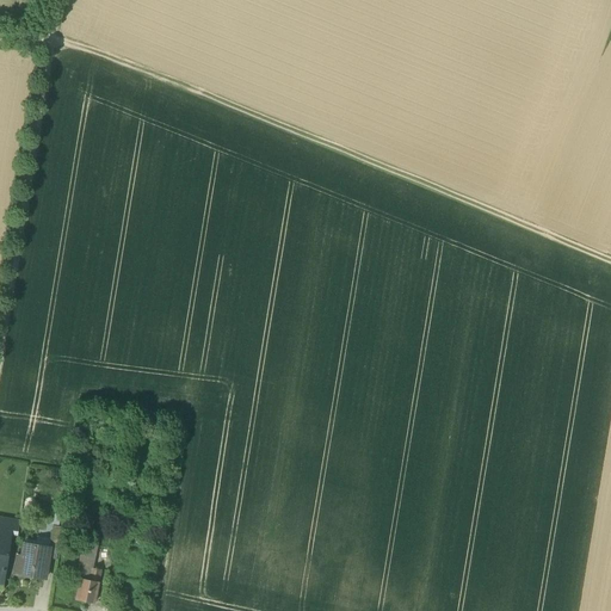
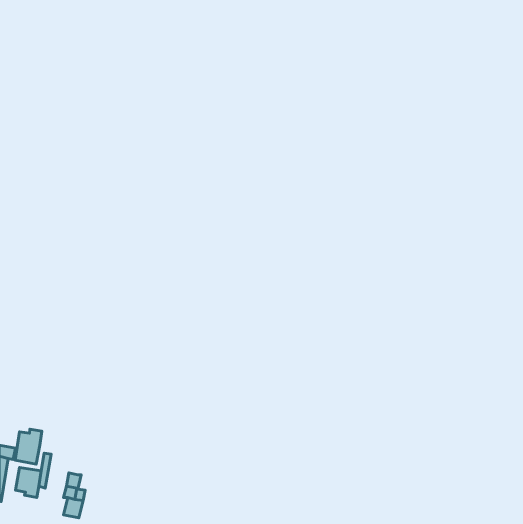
building: none -> [15,429,42,464]

